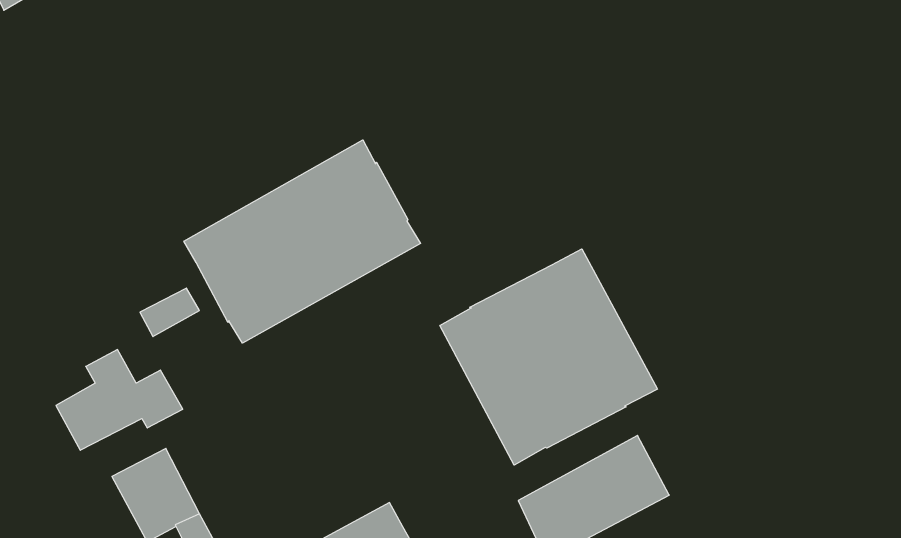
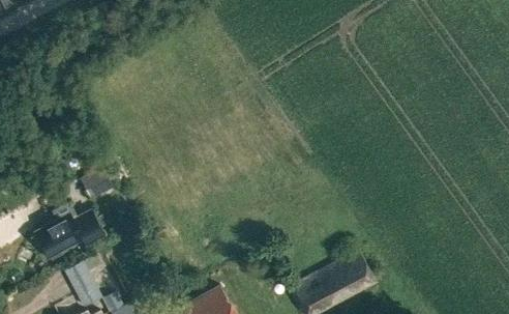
building: [184,140,421,343] -> none
building: [440,249,657,465] -> none

